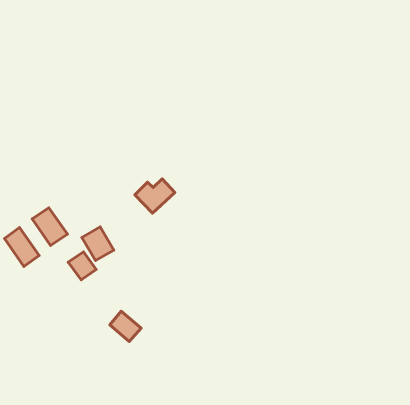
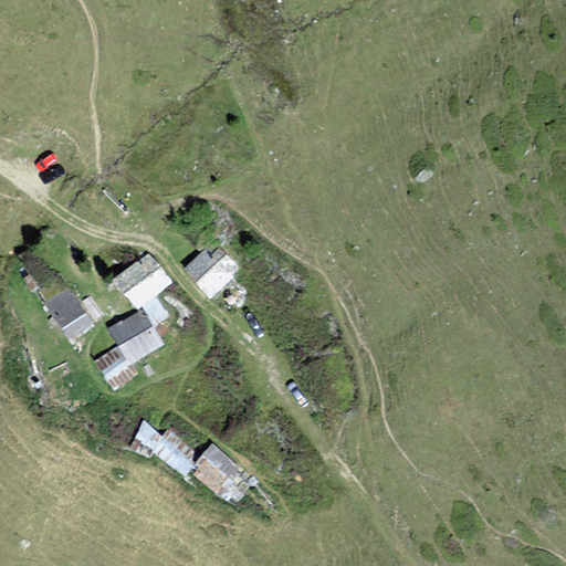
building: none -> [116,252,169,304]
building: [4,227,39,266] -> none
building: none -> [191,443,251,501]

